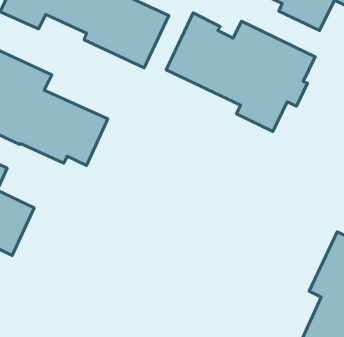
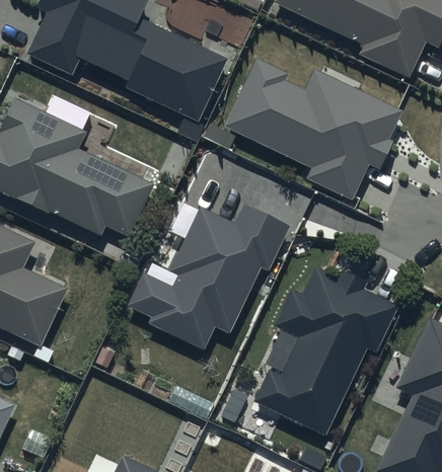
building: none -> [128,206,290,349]
building: none -> [251,268,397,438]

